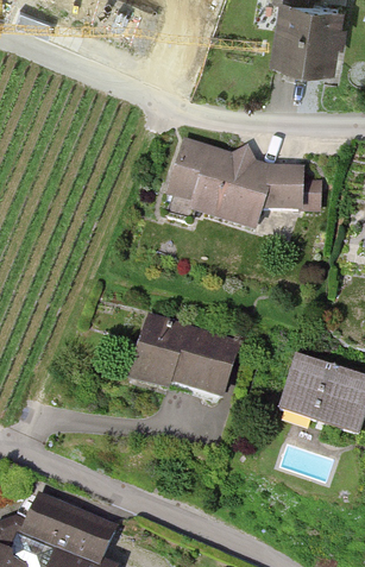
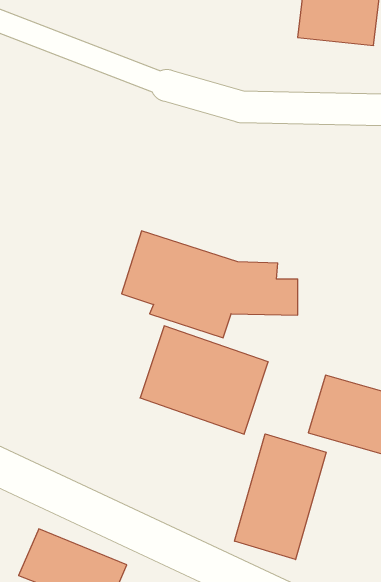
building: [164,137,321,232] -> [122,231,298,338]
building: none -> [235,434,326,560]

